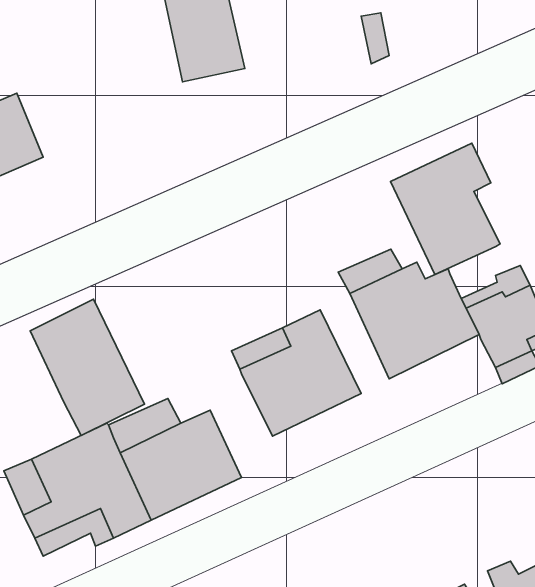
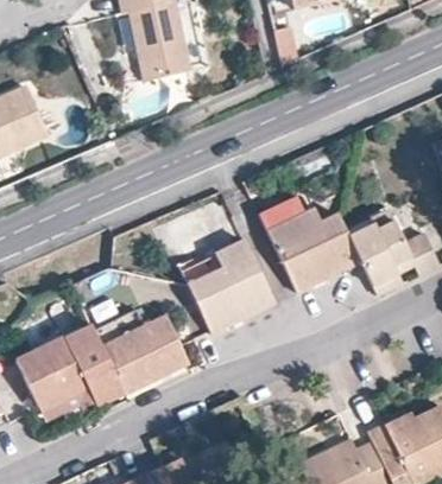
building: [390,143,500,275] -> none
building: [30,299,144,436] -> none

